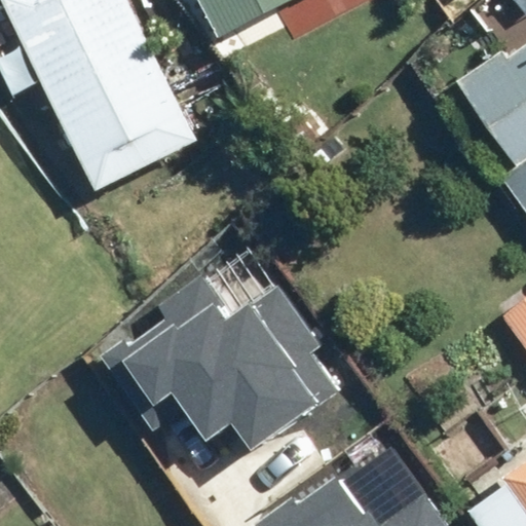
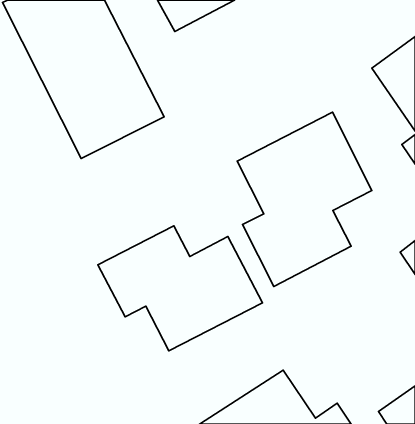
building: none -> [237,112,372,286]

